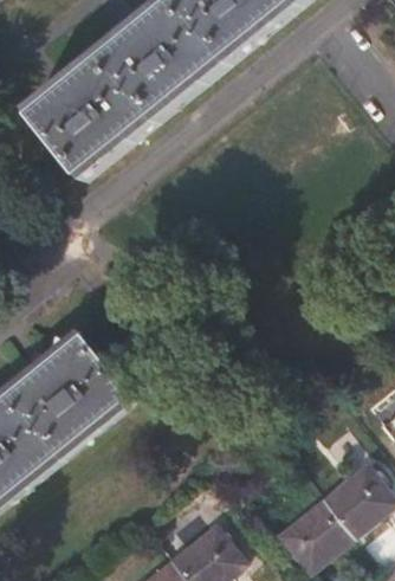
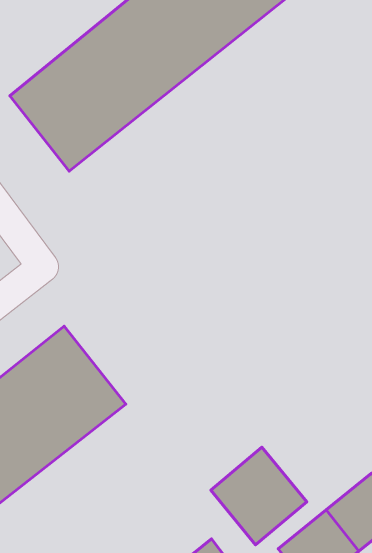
building: none -> [211,447,307,545]

